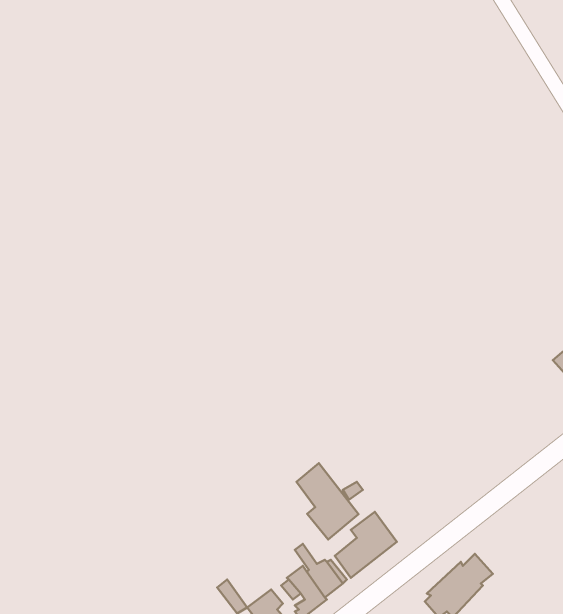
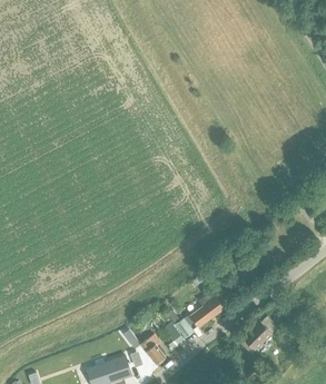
building: [296,463,359,540] -> none

